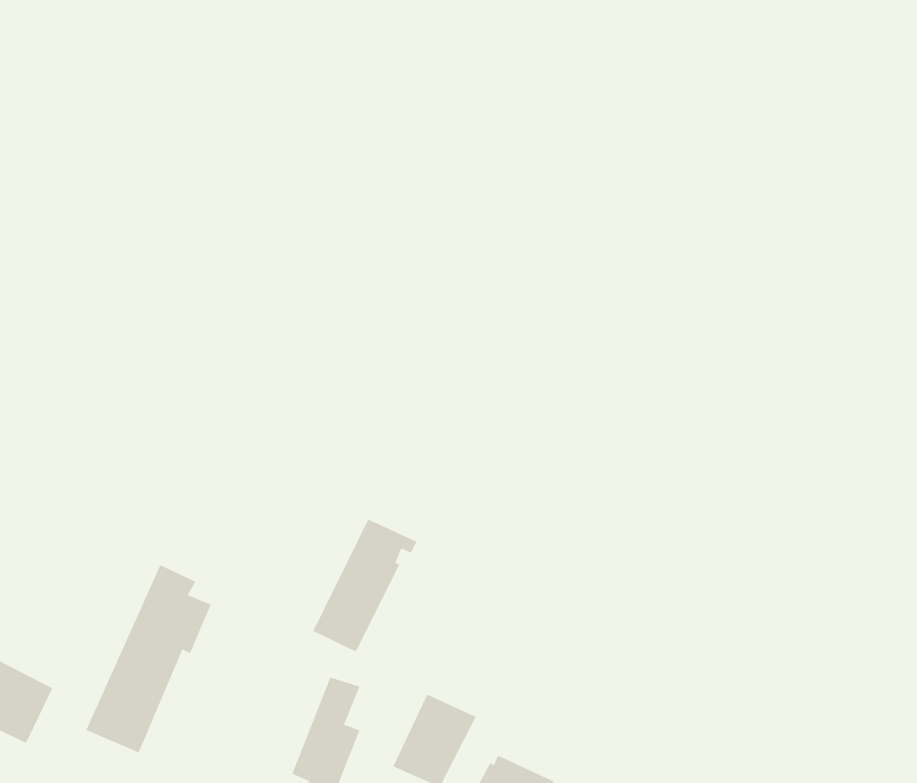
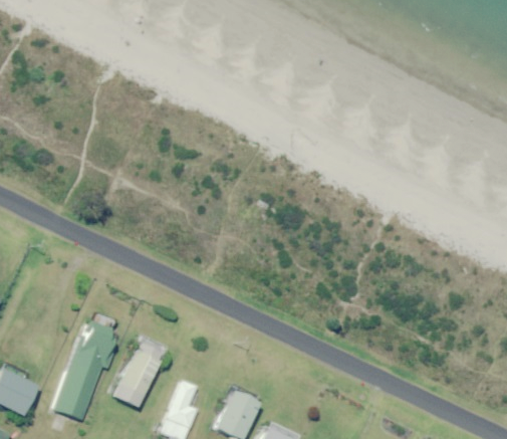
building: [312,519,417,652] -> [113,336,169,406]

